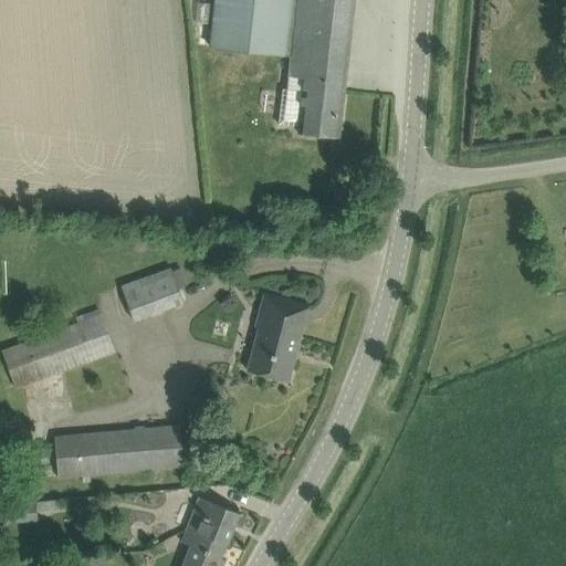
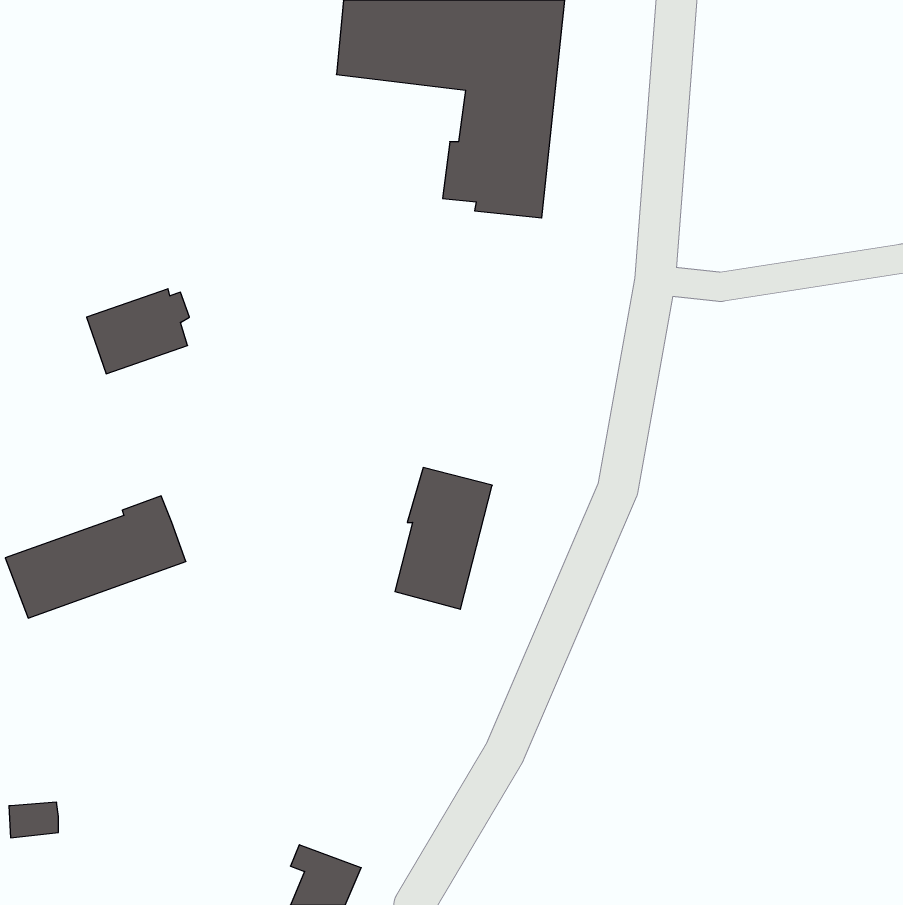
building: [122,265,186,318] -> [87,289,189,374]
building: [55,421,184,479] -> none
building: [187,496,238,542] -> none

